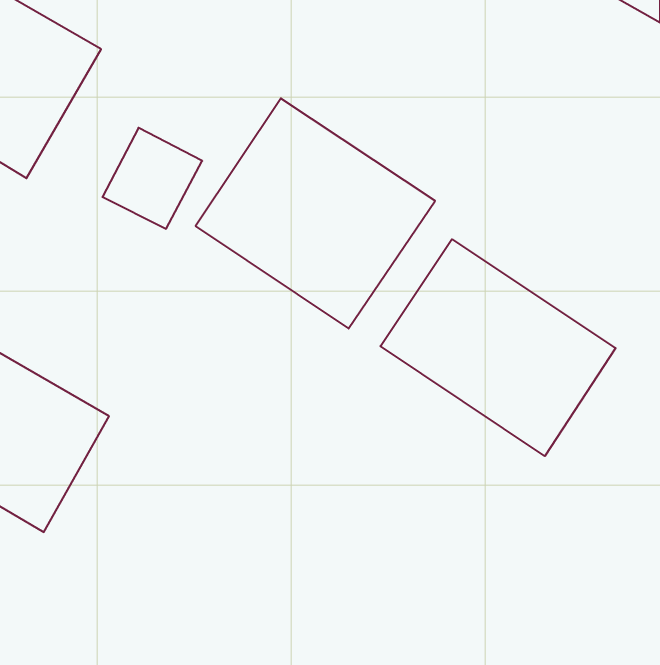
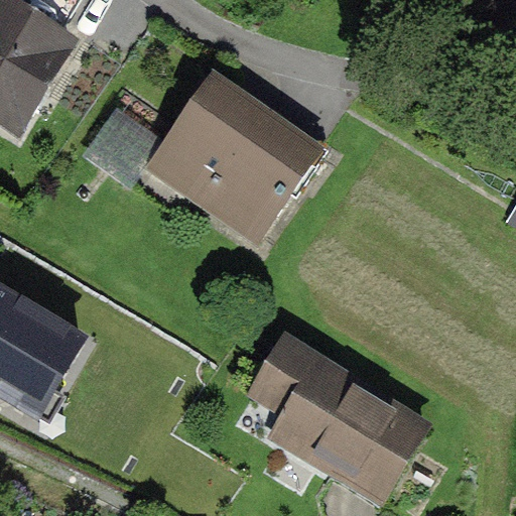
building: [380,239,616,456] -> none
building: none -> [240,325,416,498]

